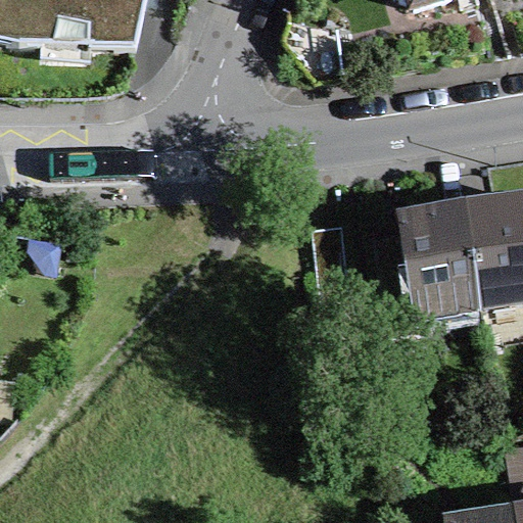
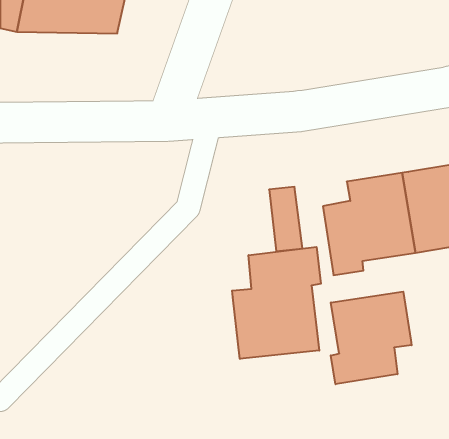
building: none -> [232,247,321,359]
building: none -> [331,292,412,384]

